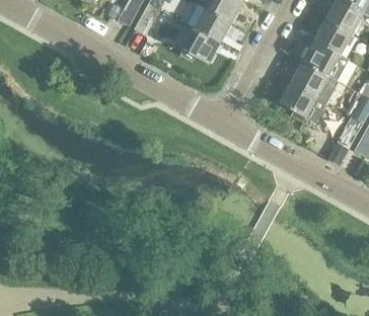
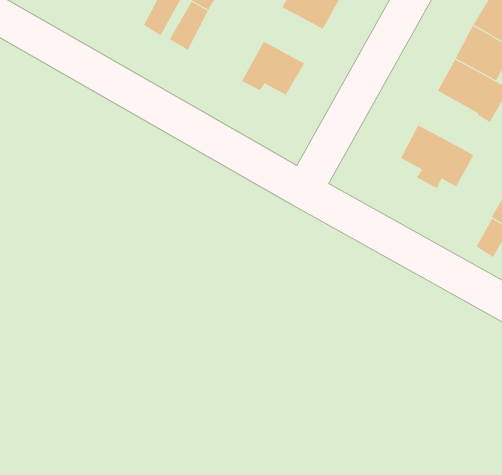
building: [194,7,231,43] -> none
building: [291,60,328,95] -> none

